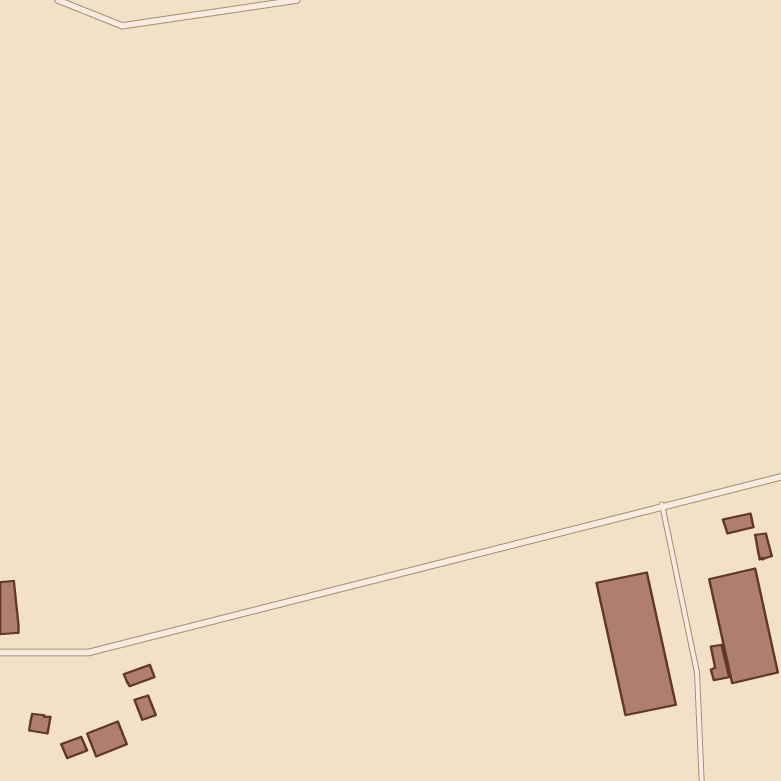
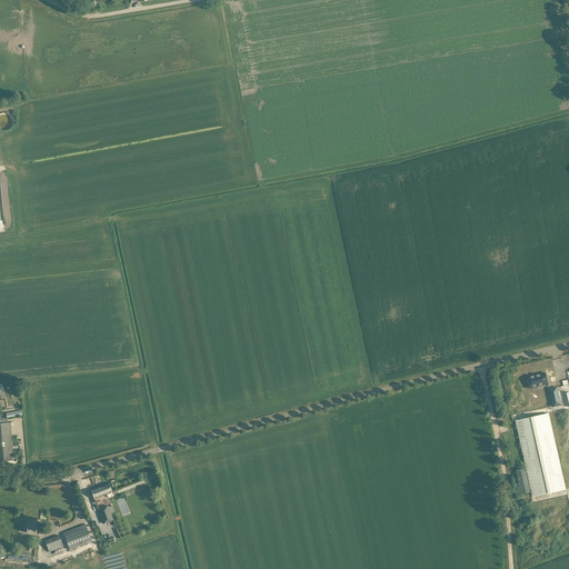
building: [596,572,676,715] -> none

